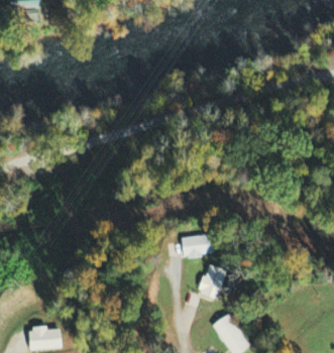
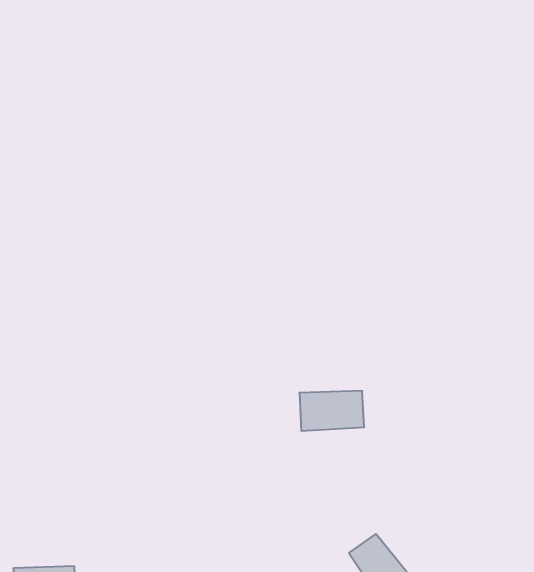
building: [199,264,227,300] -> none

